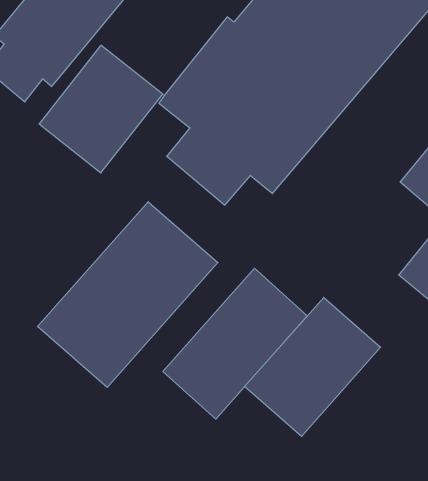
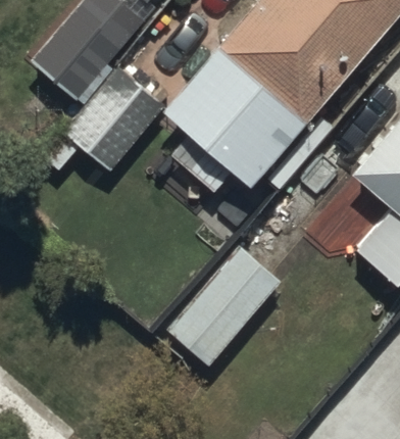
building: [38,202,218,387] -> none
building: [244,297,381,436] -> none

